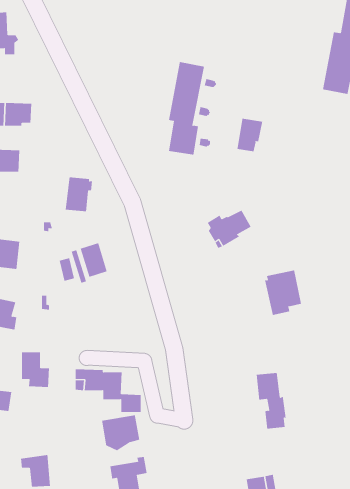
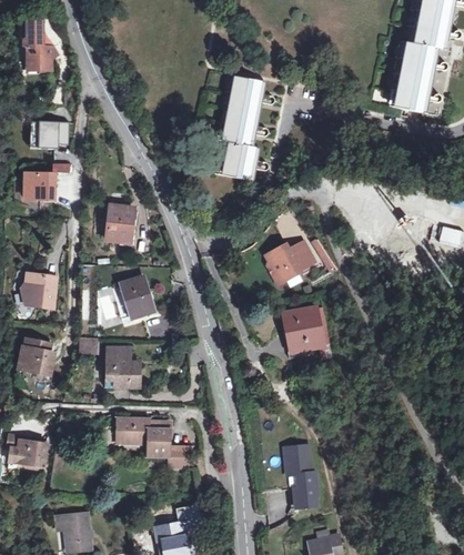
building: [237,118,263,152] -> none
building: [264,270,302,316] -> [281,307,323,359]
building: [21,352,50,388] -> [107,347,139,387]
building: [256,372,286,429] -> [284,445,319,508]
building: [101,414,140,451] -> none

